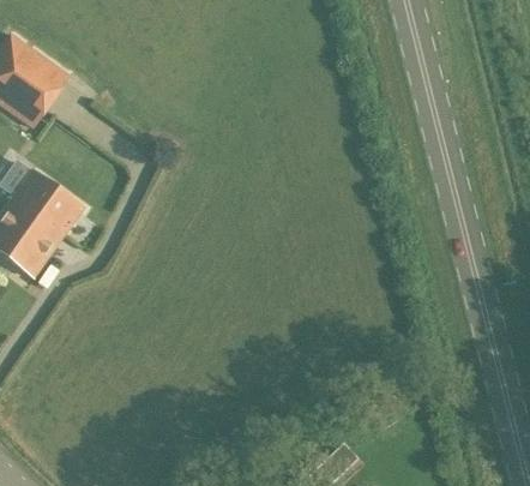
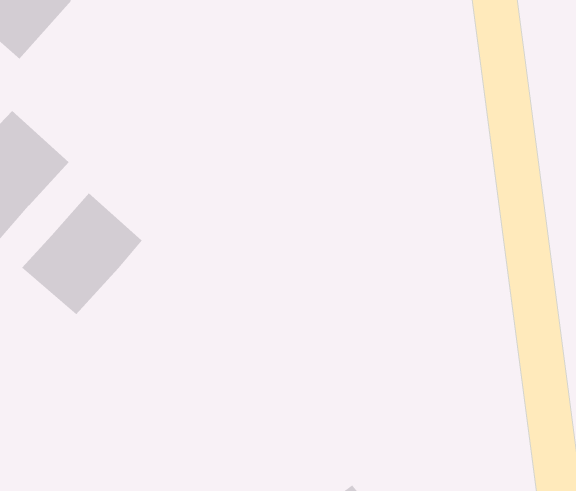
building: none -> [21,193,143,315]

